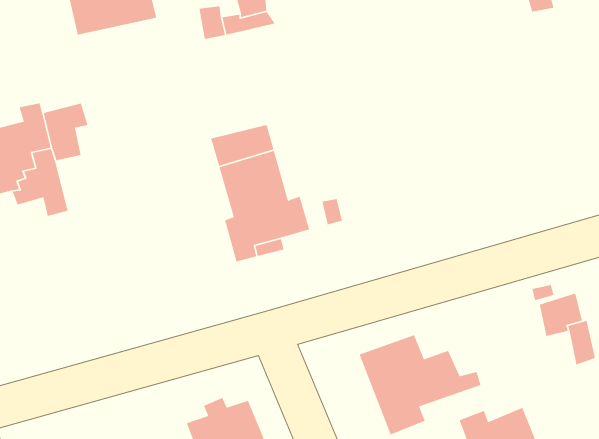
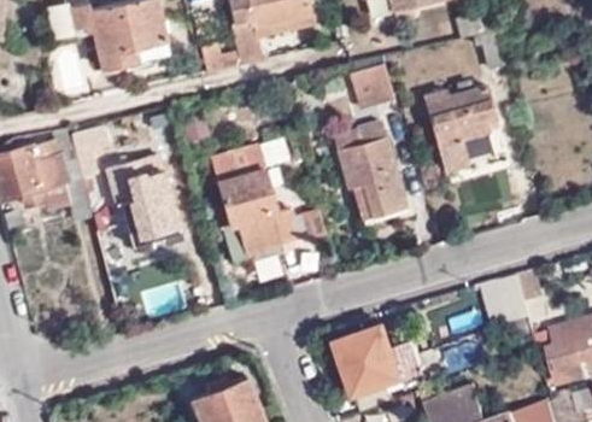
building: none -> [342,64,389,109]
building: none -> [422,86,496,171]
building: none -> [333,122,403,217]
building: none -> [111,160,181,240]

